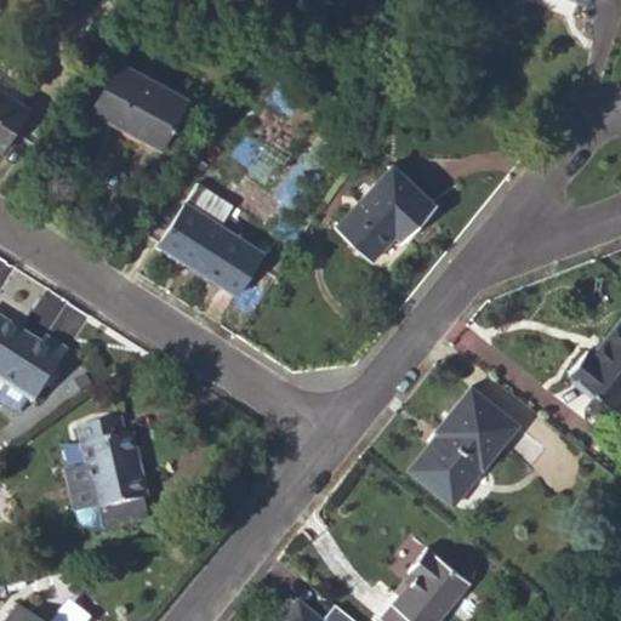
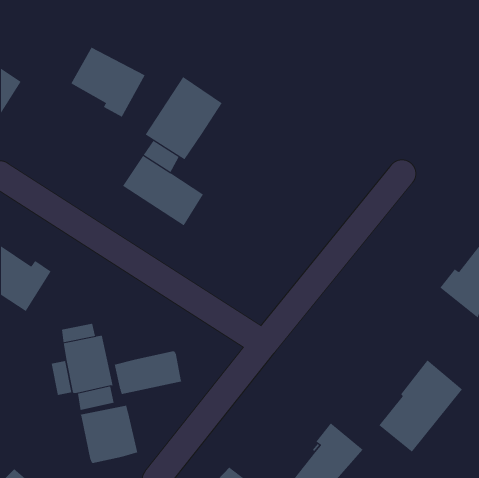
building: none -> [145,76,222,160]
building: [336,166,437,260] -> none
building: [409,387,518,507] -> [378,360,463,452]
building: none -> [114,350,182,395]
building: none -> [80,405,138,464]

